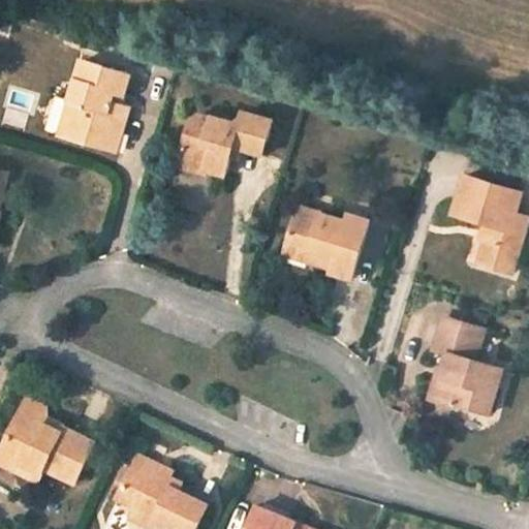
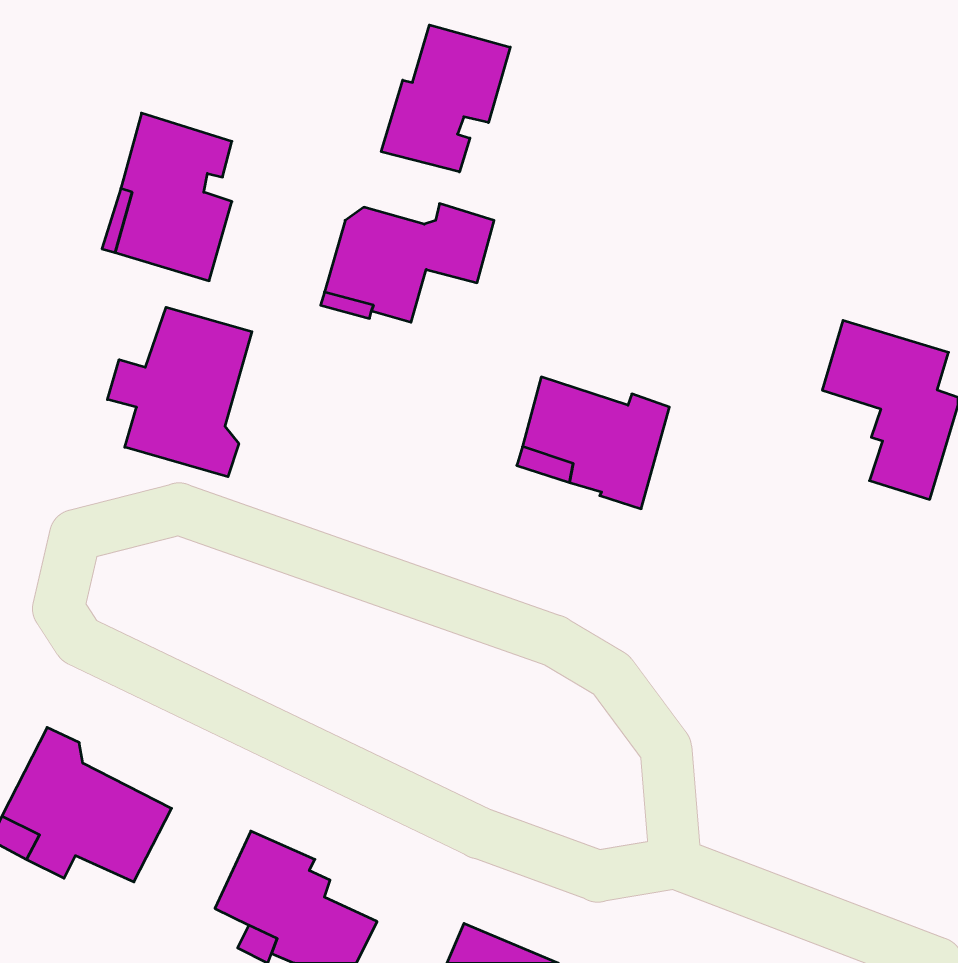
building: none -> [381,25,510,172]
building: none -> [107,307,252,477]
building: [426,317,500,414] -> none

